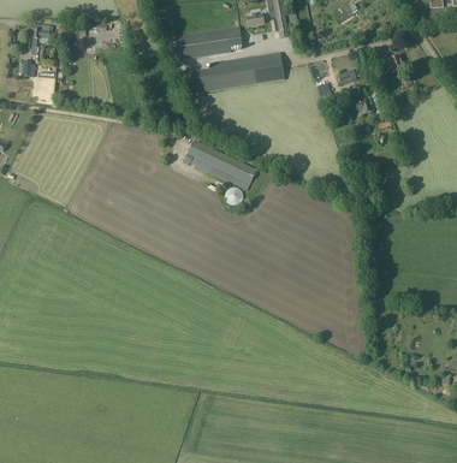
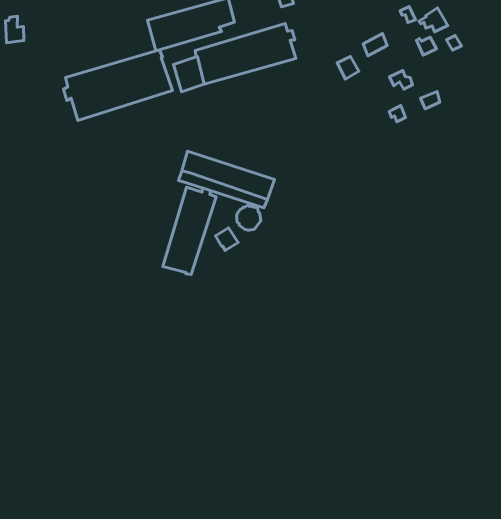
building: none -> [63,50,173,121]
building: none -> [163,187,216,275]

